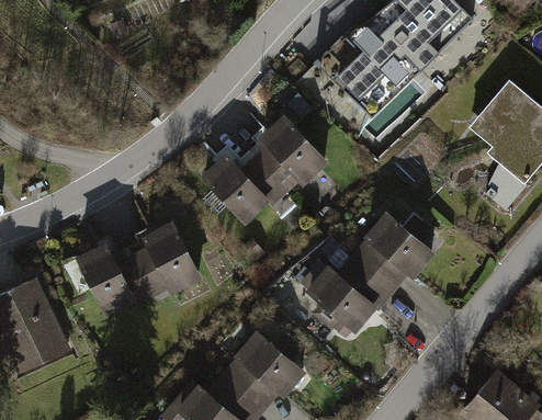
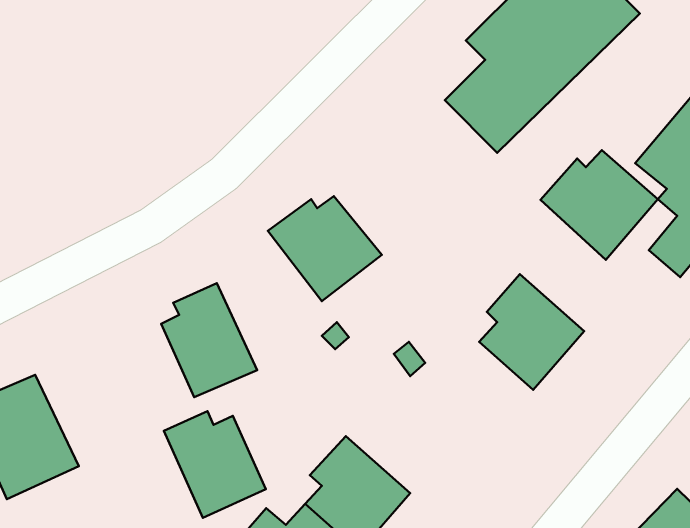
building: [249,112,328,195] -> none
building: none -> [540,150,658,260]
building: [72,242,147,320] -> [164,411,266,518]
building: [309,259,395,337] -> none

